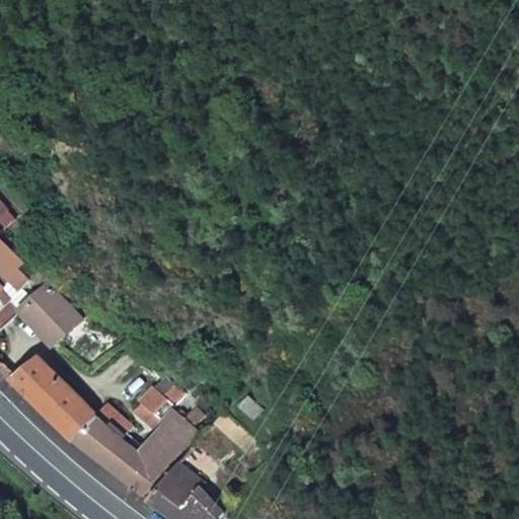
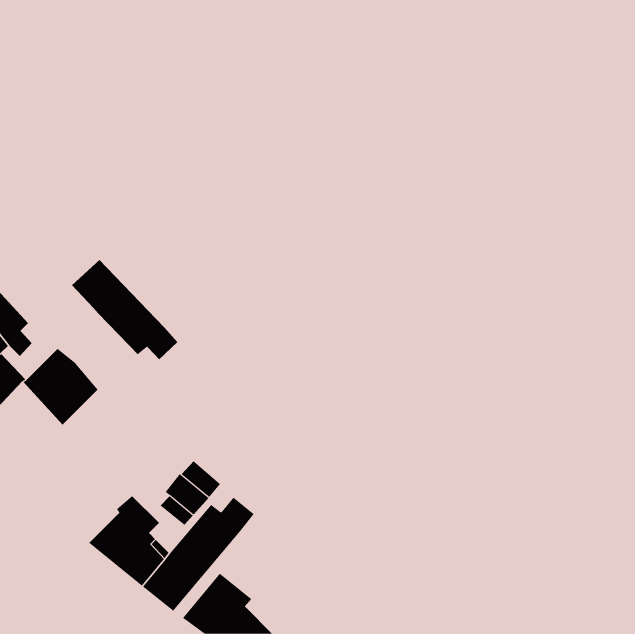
building: none -> [71,259,178,360]
building: [10,355,96,441] -> none

